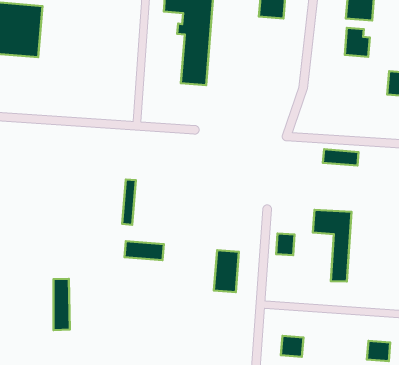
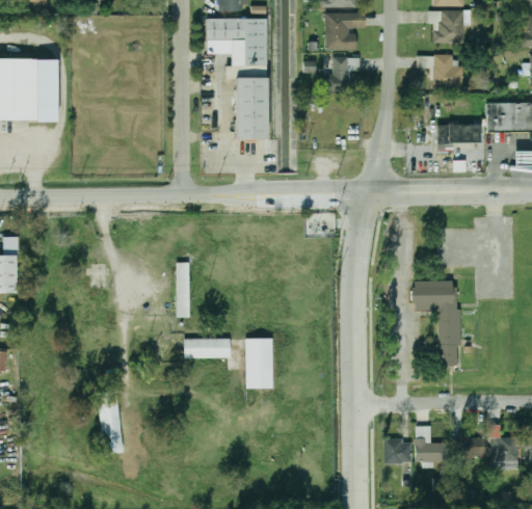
building: none -> [324,57,351,93]
building: [323,149,359,165] -> [436,125,479,141]
building: [276,233,295,255] -> none
building: [214,250,239,292] -> [245,339,272,389]
building: none -> [415,426,445,460]
building: none -> [451,436,484,457]

